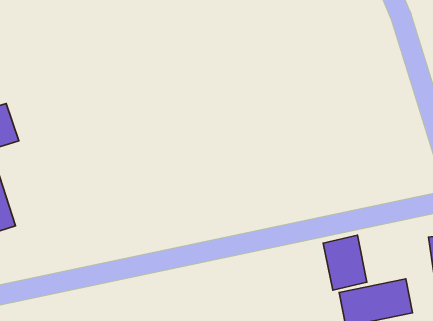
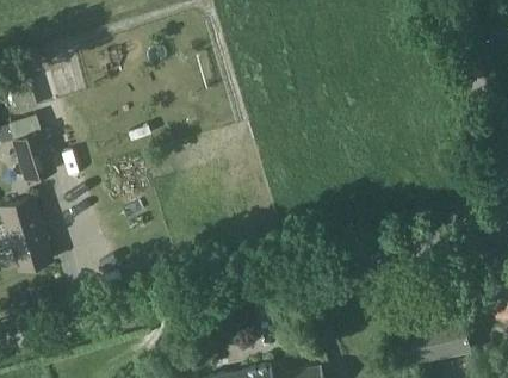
building: [323,235,367,290] -> none

